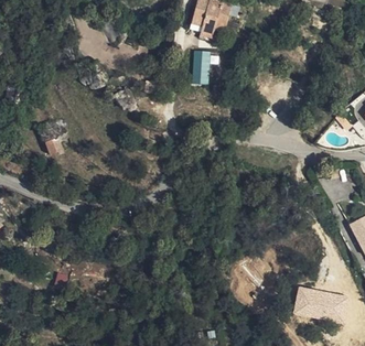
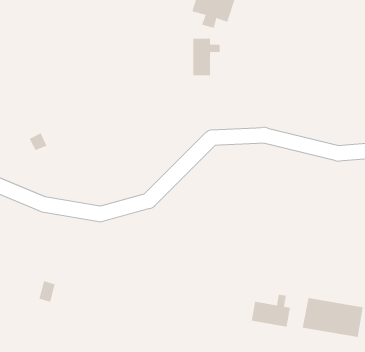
building: none -> [251,294,290,327]

